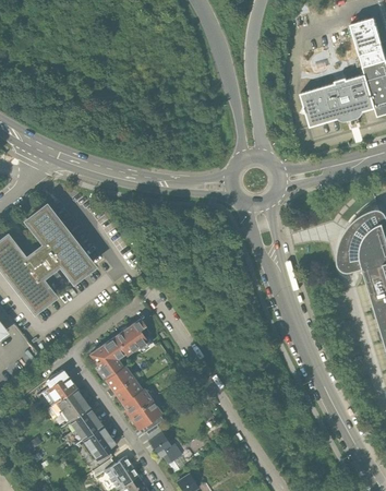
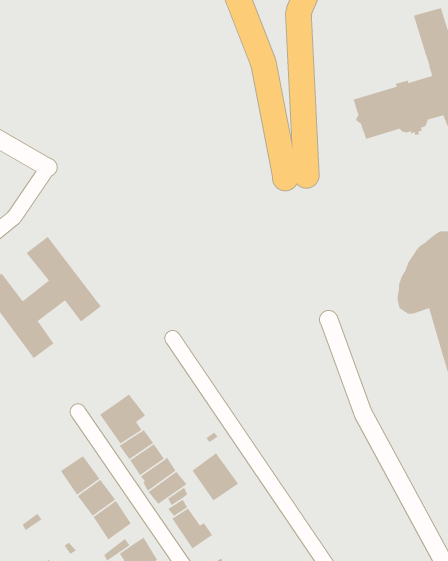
building: [114,320,150,357] -> none
building: [47,371,76,403] -> none
building: none -> [191,452,239,502]

